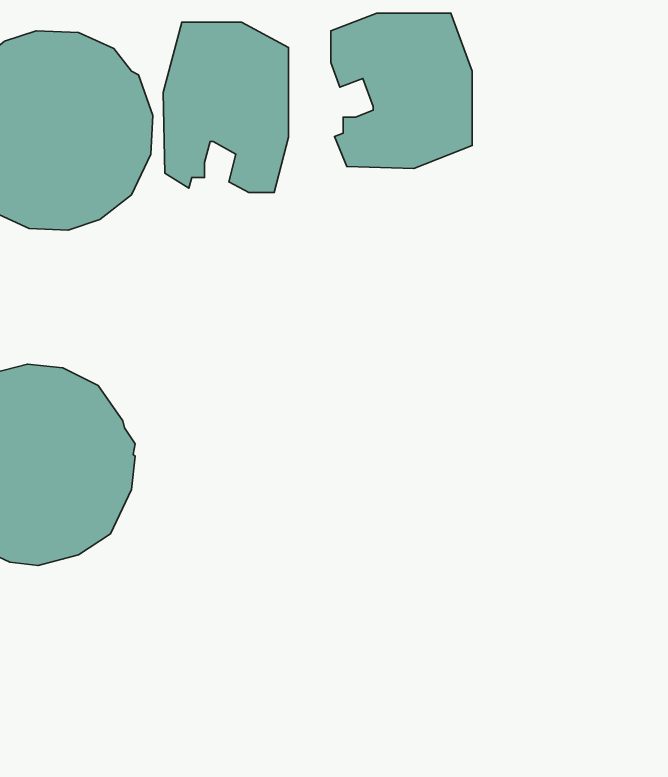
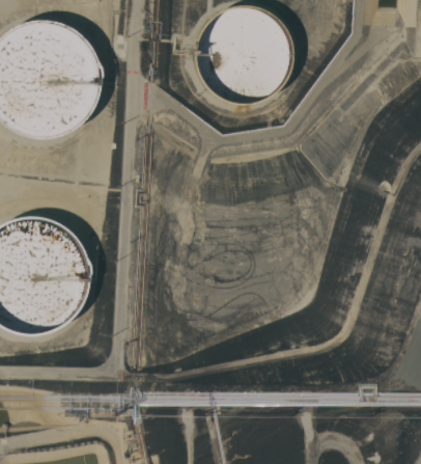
building: [163,22,289,192] -> none

